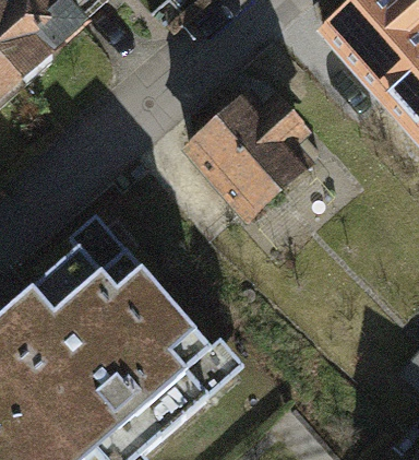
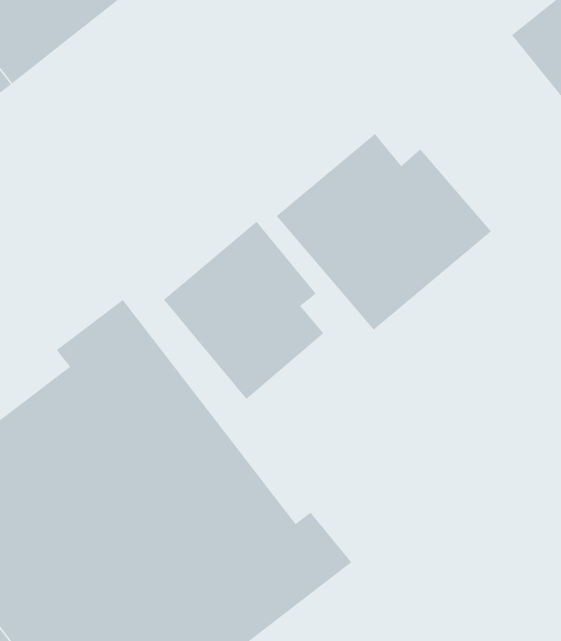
building: none -> [163,221,324,400]

